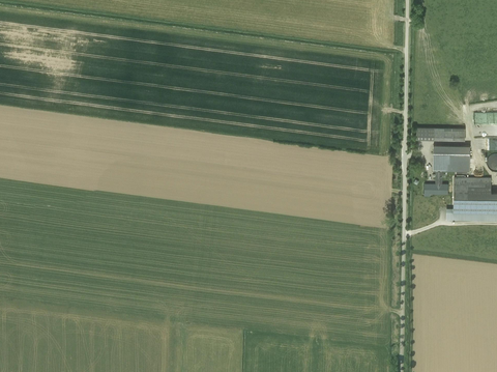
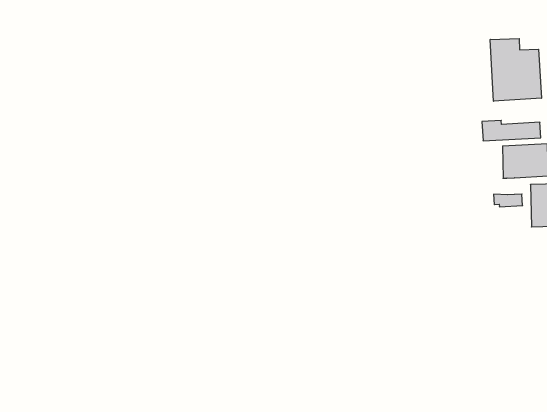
building: none -> [490,39,541,101]

